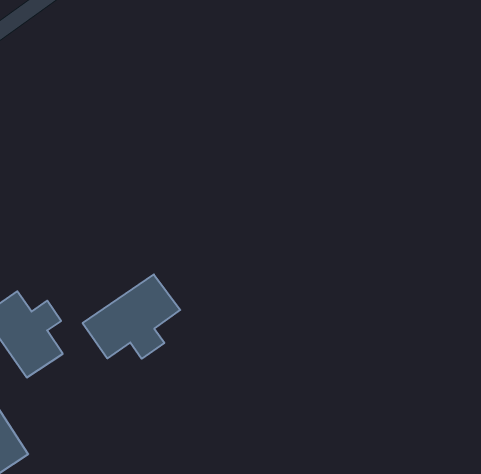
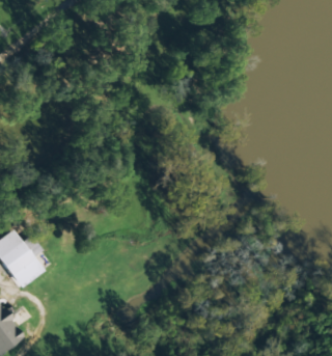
building: [83,274,180,359] -> none

